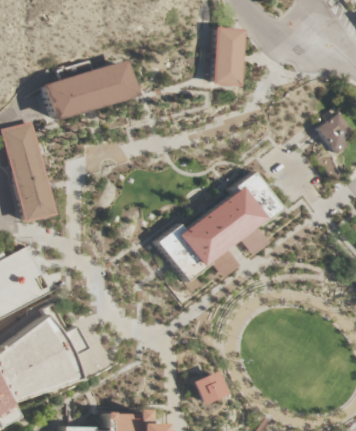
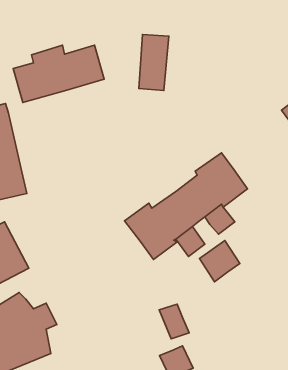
building: [211,27,242,85] -> [139,34,169,91]
building: none -> [200,240,240,282]
building: none -> [159,304,189,339]

